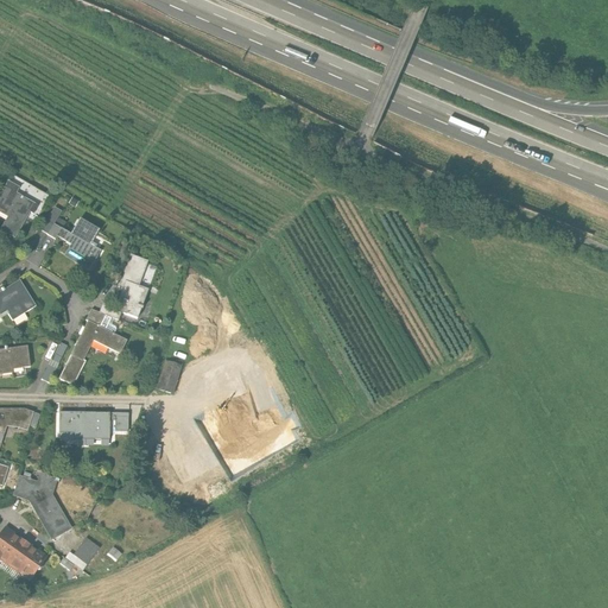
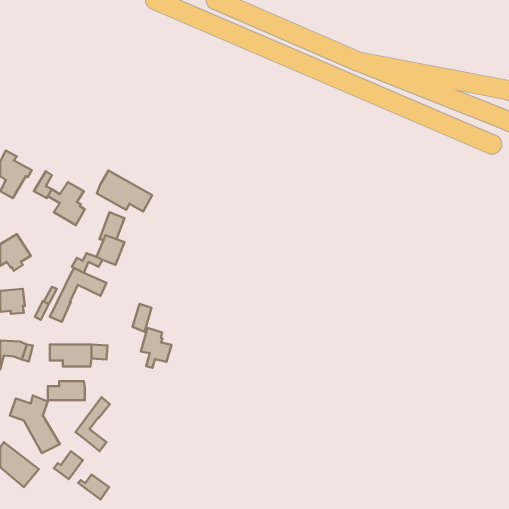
building: none -> [97,170,152,211]
building: none -> [141,328,172,368]
building: none -> [48,381,85,400]
building: none -> [76,397,110,451]
building: none -> [78,474,109,500]

